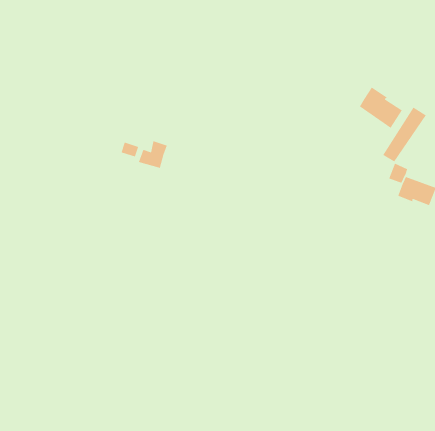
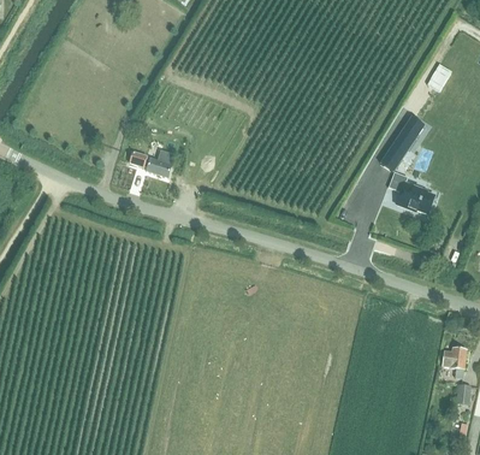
building: [358,86,403,129] -> none

